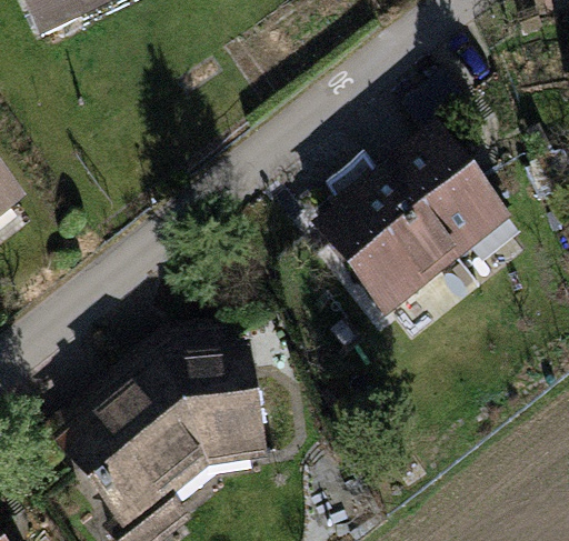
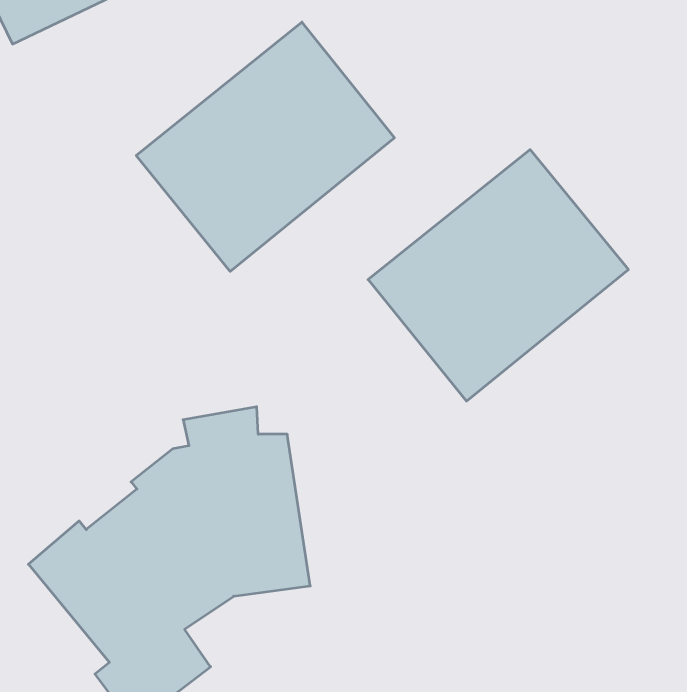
building: none -> [136,22,394,271]

